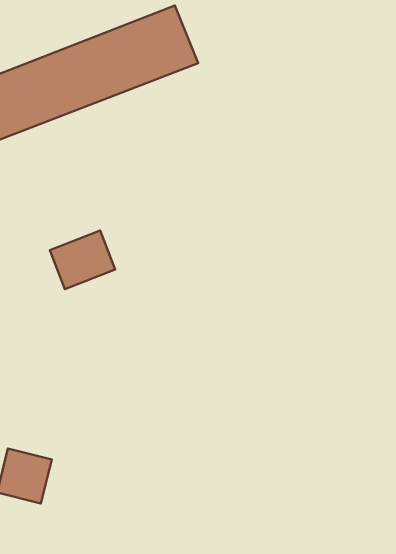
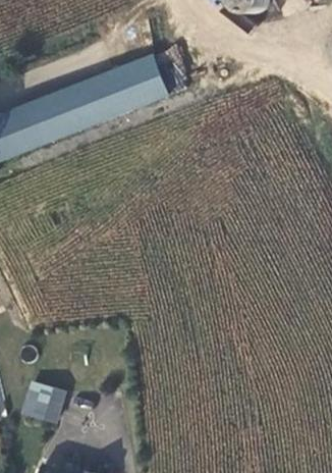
building: [50,231,115,289] -> none

